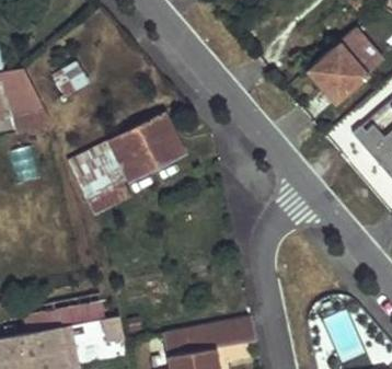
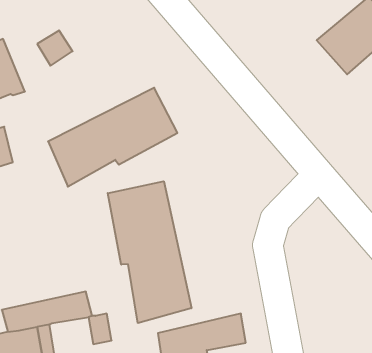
building: none -> [108,181,191,323]

